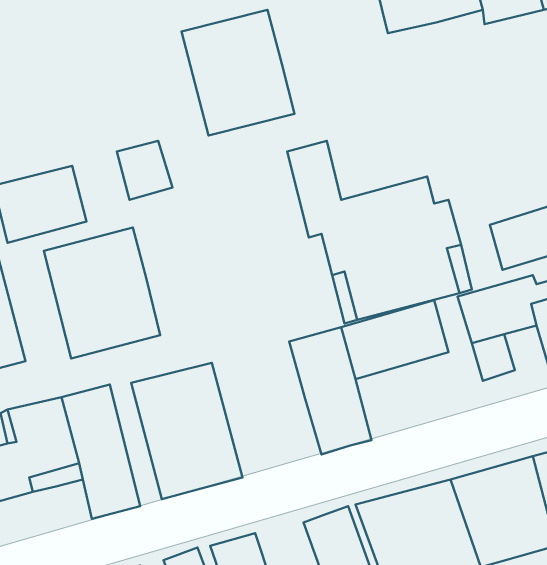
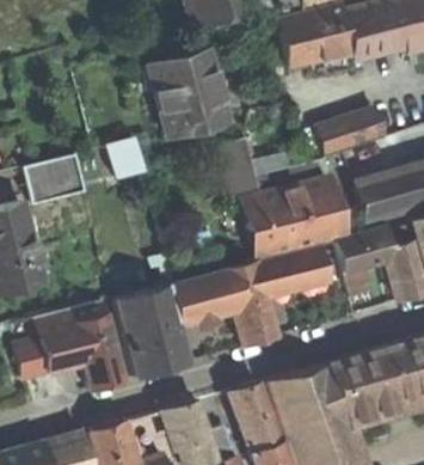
building: none -> [318,108,387,159]
building: [44,228,160,358] -> none
building: none -> [171,273,233,325]

